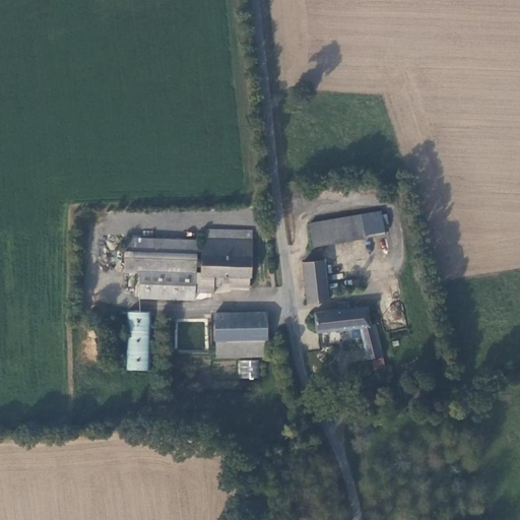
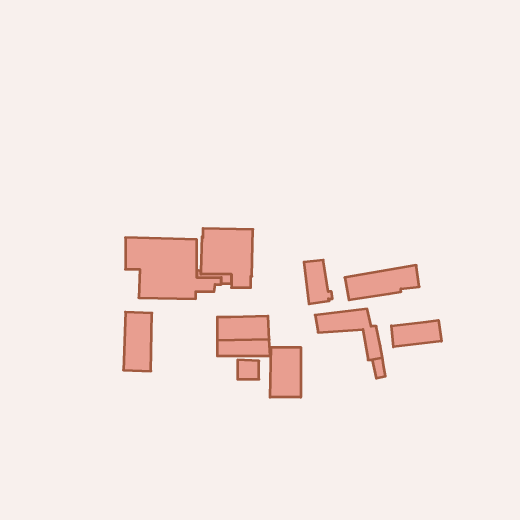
building: [309,211,383,246] -> [345,265,419,300]
building: none -> [391,320,441,347]
building: none -> [270,347,301,397]

